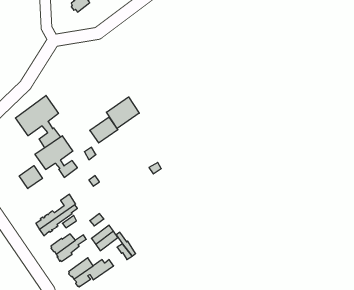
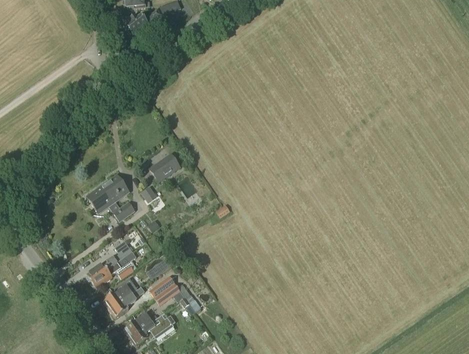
building: [15,95,60,148] -> none
building: [106,97,139,128] -> none
building: [19,166,42,189] -> none

